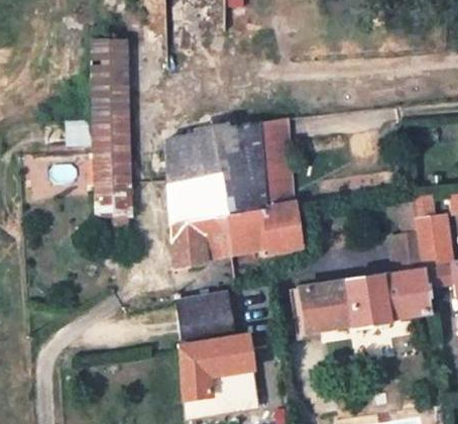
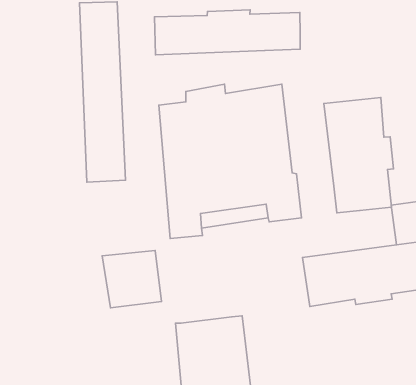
building: none -> [155,10,300,55]
building: none -> [324,97,394,213]
building: [178,294,235,349] -> [102,250,162,308]

